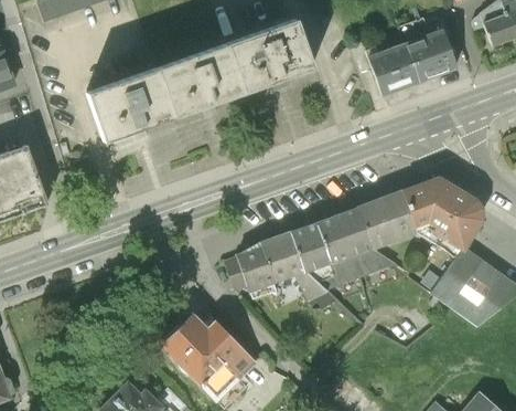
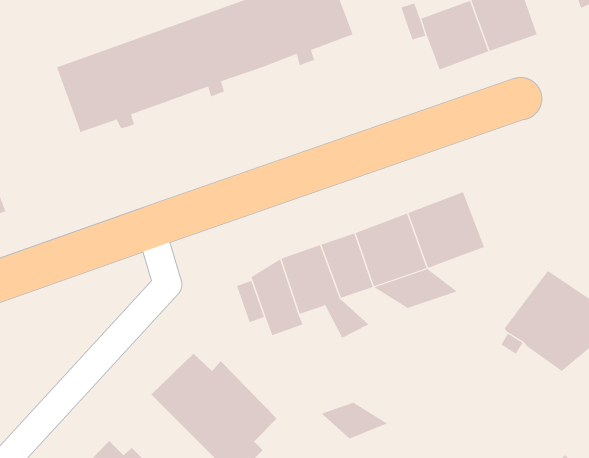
building: [400,172,485,249] -> none
building: [305,262,357,291] -> [321,402,388,439]

